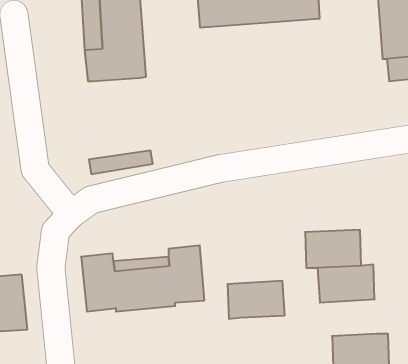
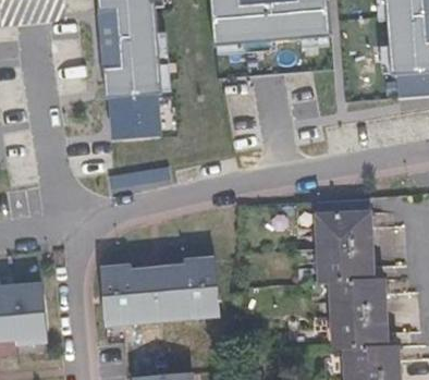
building: none -> [110,95,159,139]
building: none -> [315,195,370,245]
building: [228,281,285,319] -> [331,310,387,347]

